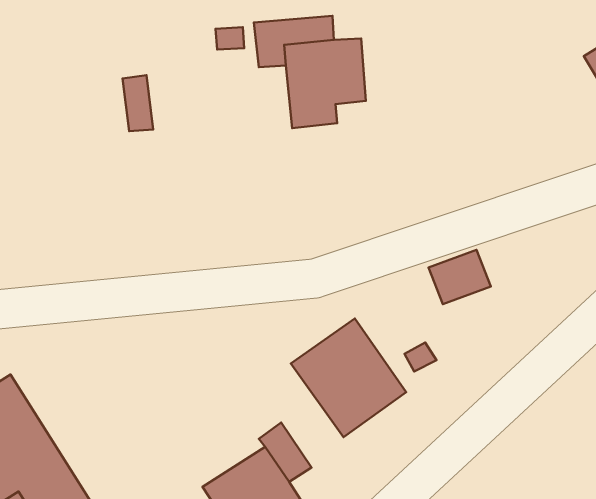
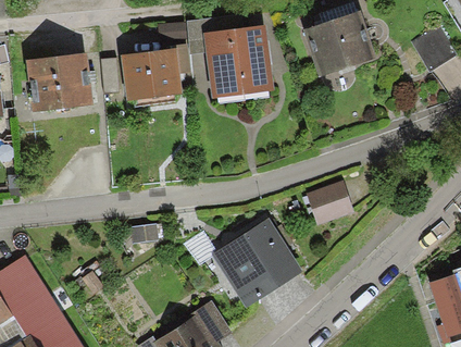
building: none -> [306,16,372,79]
building: none -> [124,45,189,100]
building: none -> [34,59,92,112]

